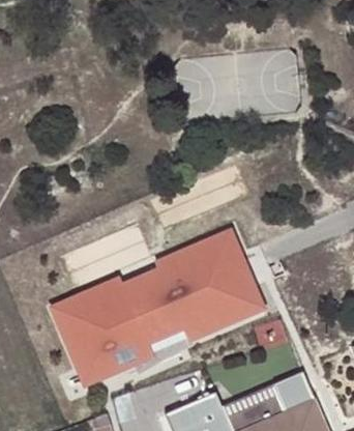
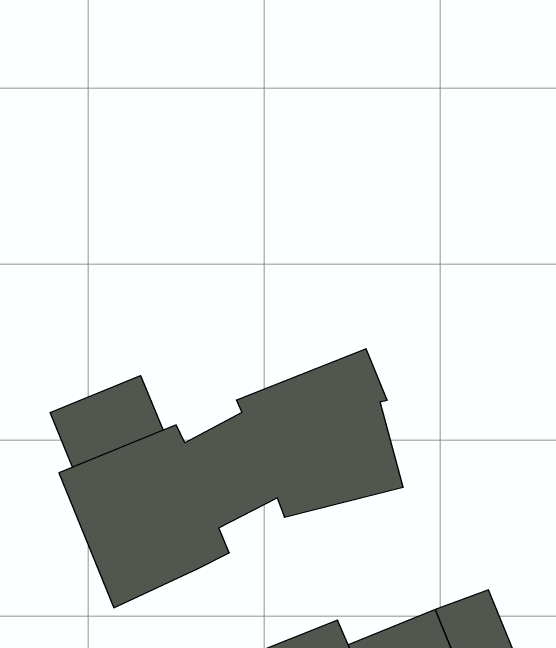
building: none -> [50,376,163,467]
building: [134,262,264,369] -> none

